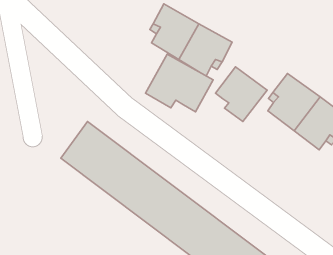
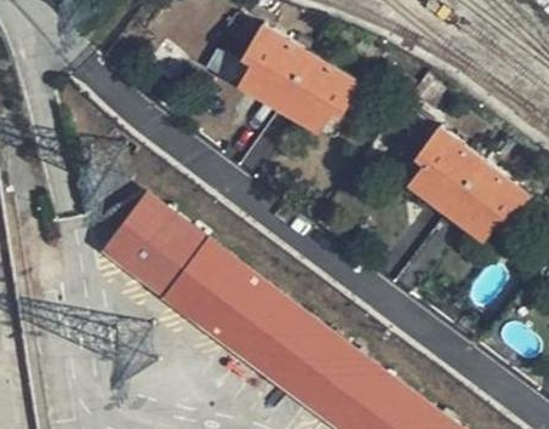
building: [145,54,213,112] -> none
building: [216,67,267,121] -> none

